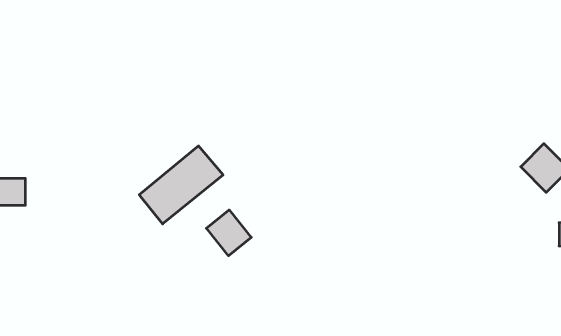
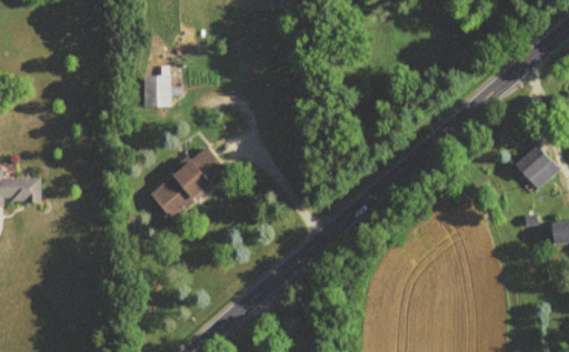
building: none -> [143,74,171,105]
building: [206,210,251,256] -> none

